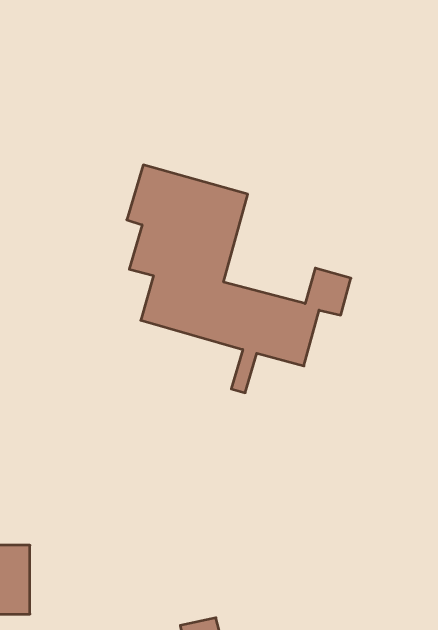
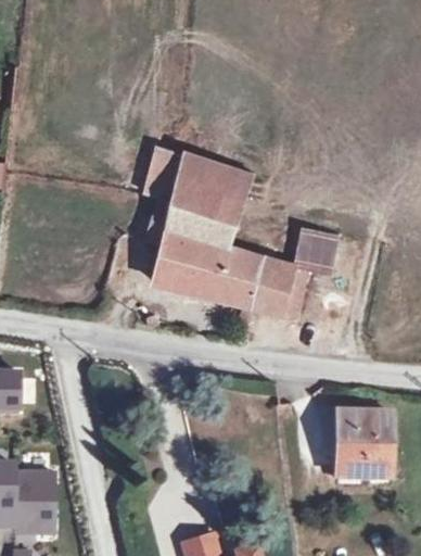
building: none -> [336,409,392,473]

